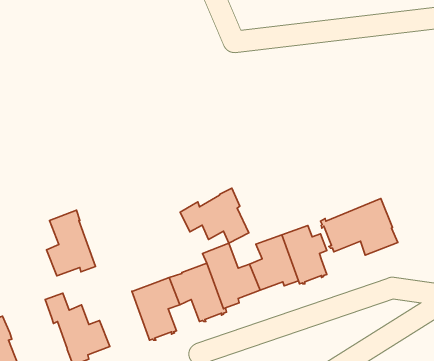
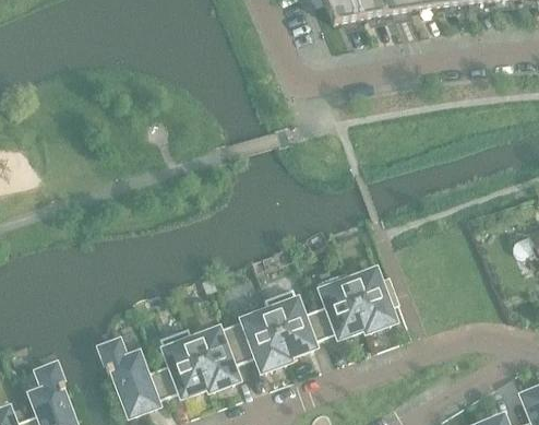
building: [180,188,249,243] -> none
building: [321,198,398,255] -> none
building: [46,210,95,276] -> [157,326,208,394]

